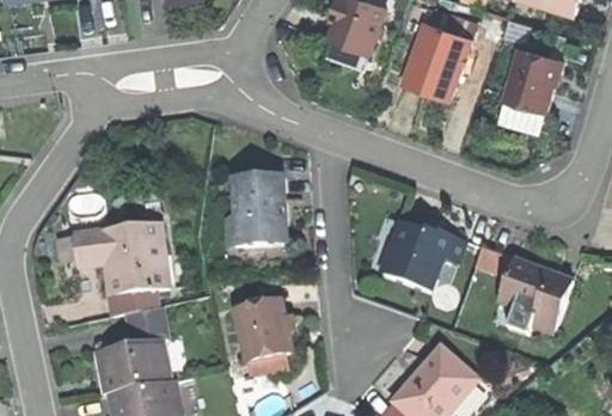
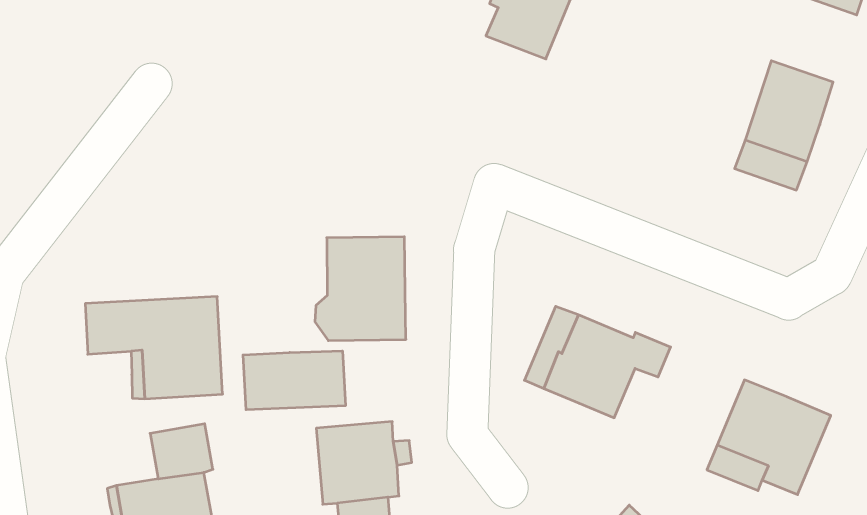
building: [402,24,470,97] -> none
building: none -> [243,351,345,410]

